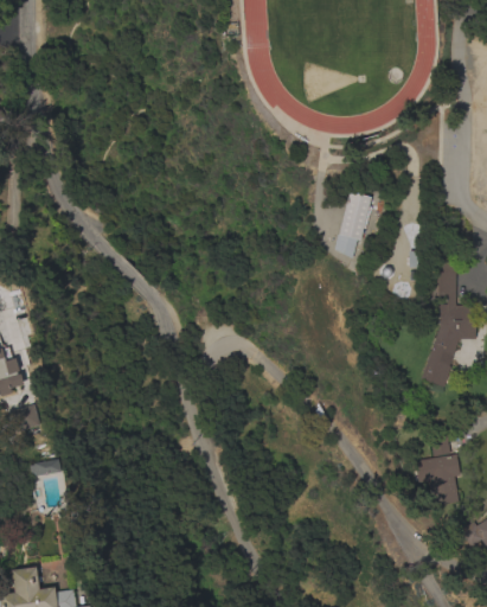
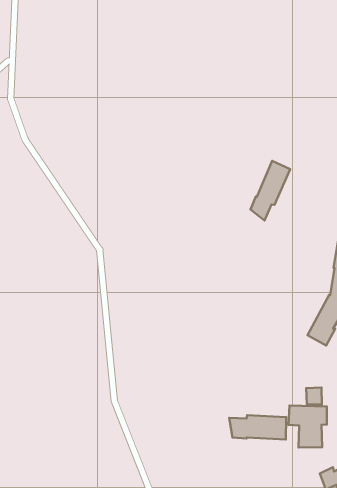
building: none -> [229,415,286,439]

